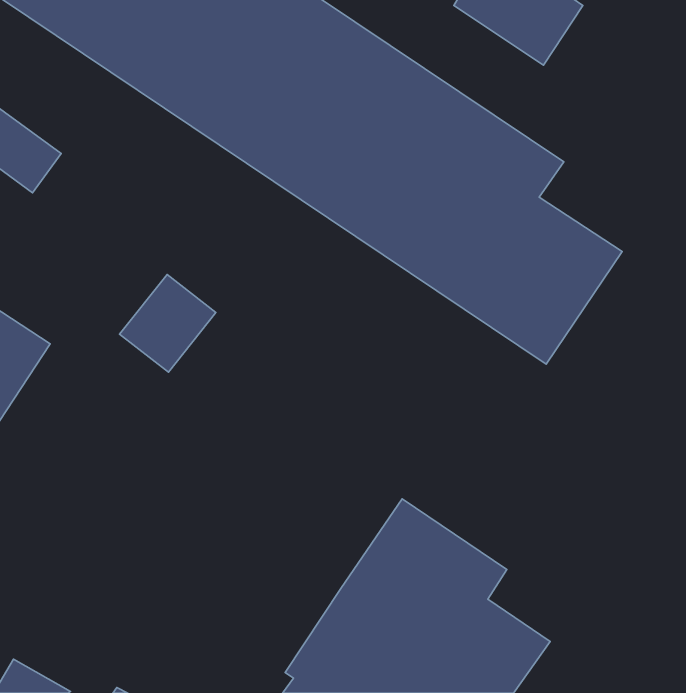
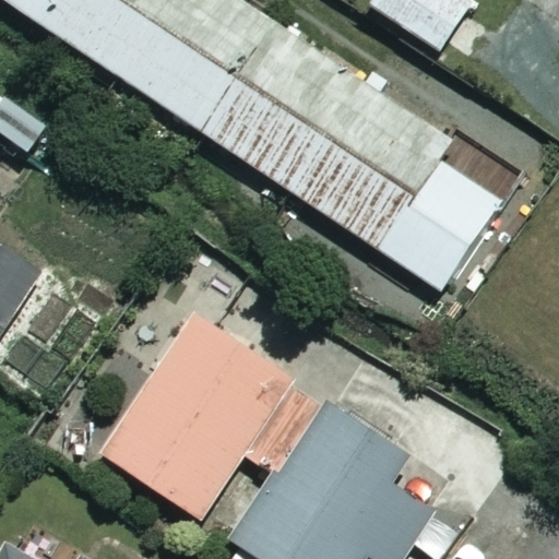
building: none -> [100,313,323,520]

